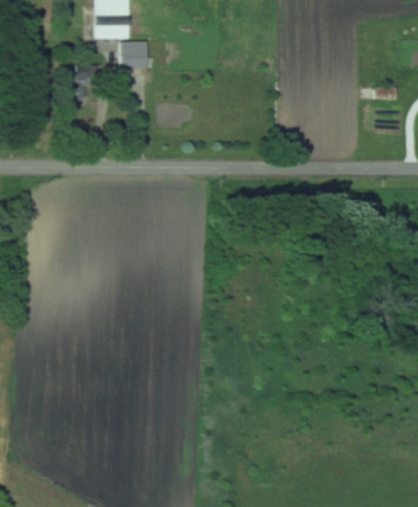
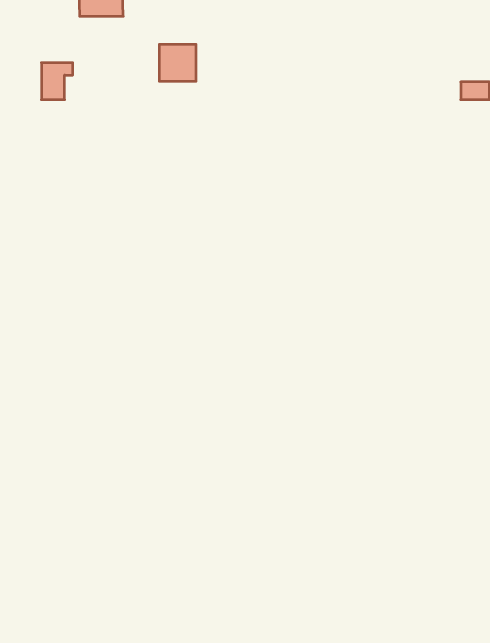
building: [120,41,147,68] -> [159,44,196,81]

